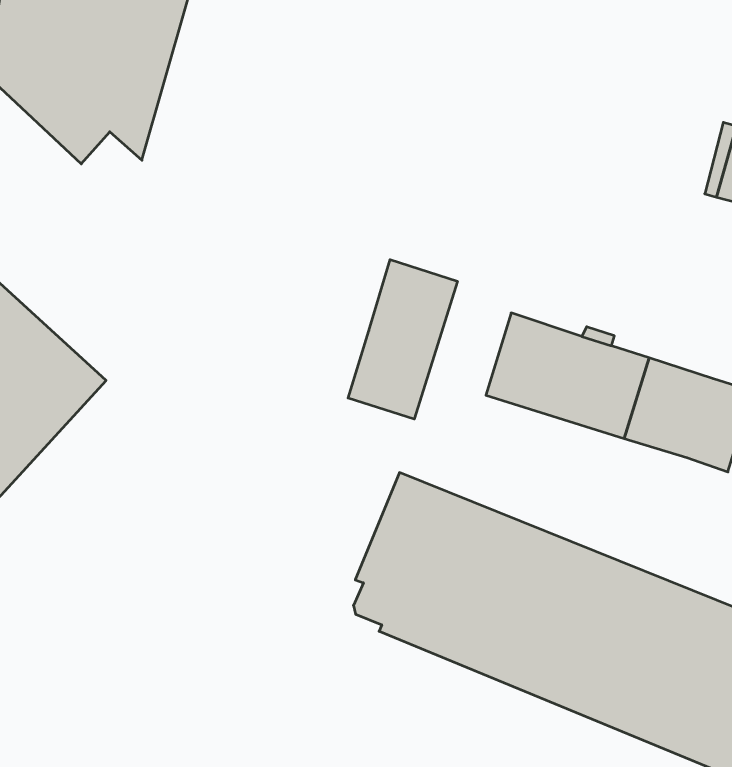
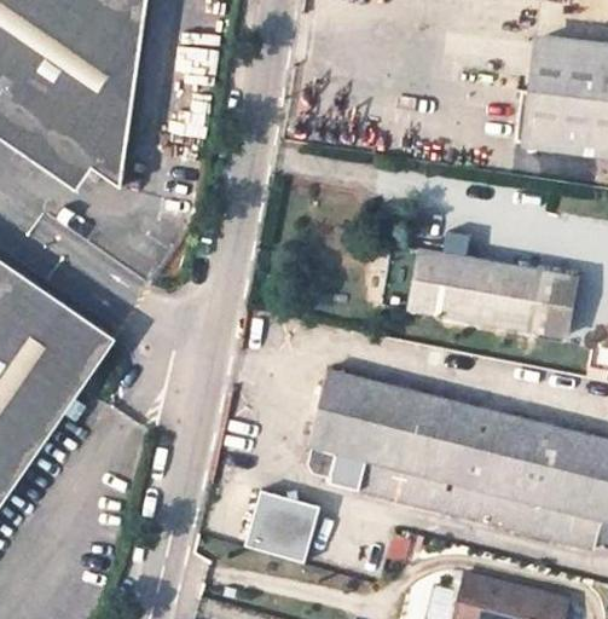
building: [348,260,457,419] -> none
building: none -> [245,486,329,563]

